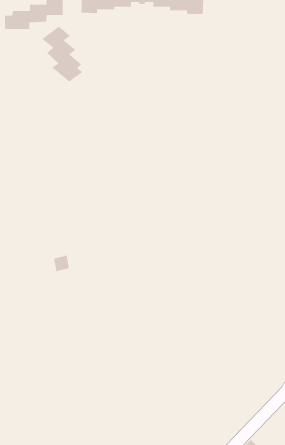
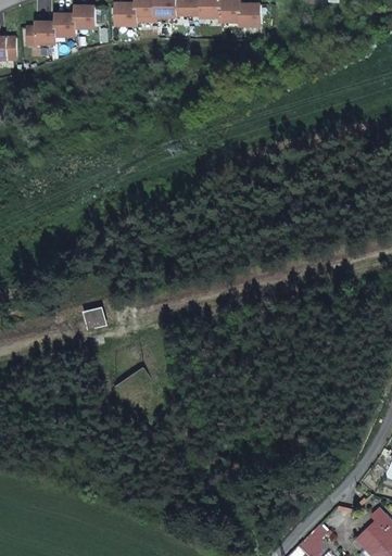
building: [41,26,83,82] -> none

